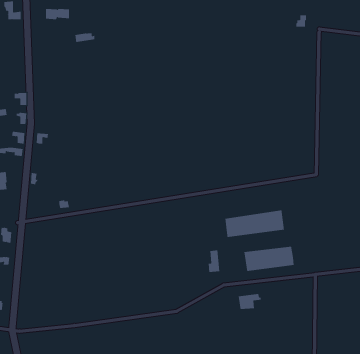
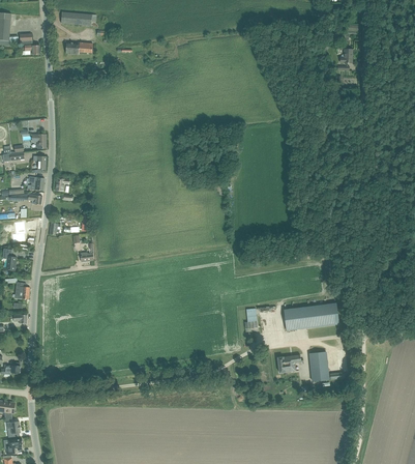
building: [225,209,285,238] -> none
building: none -> [308,351,328,380]

